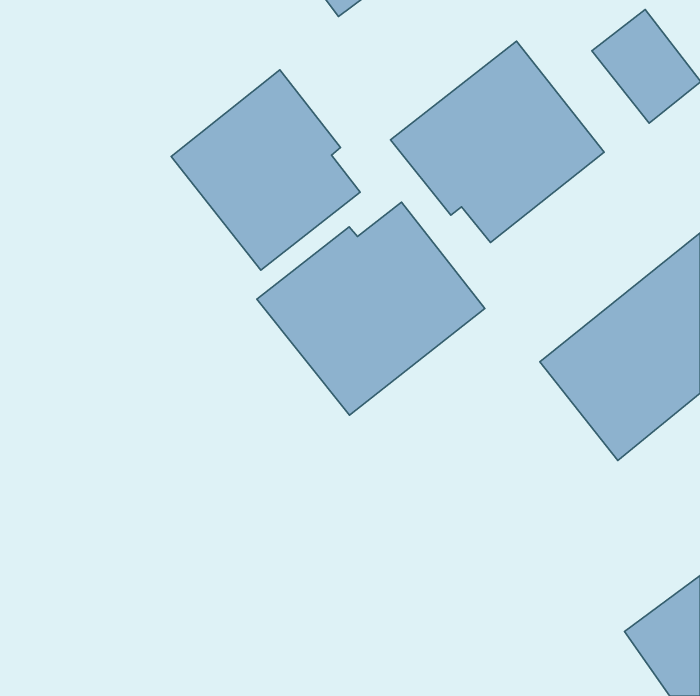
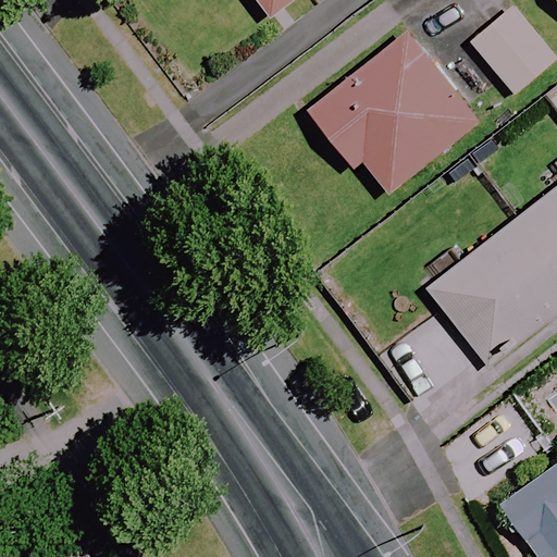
building: [171,70,360,270] -> none
building: [257,202,485,415] -> none

